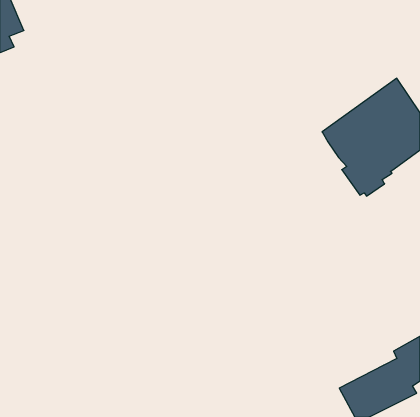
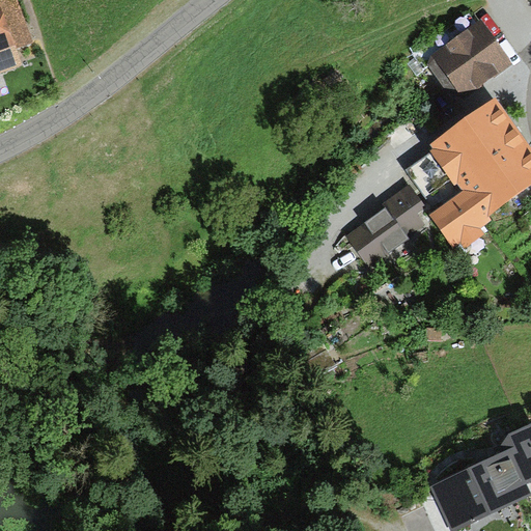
building: none -> [431,21,510,97]
building: none -> [347,178,426,261]

